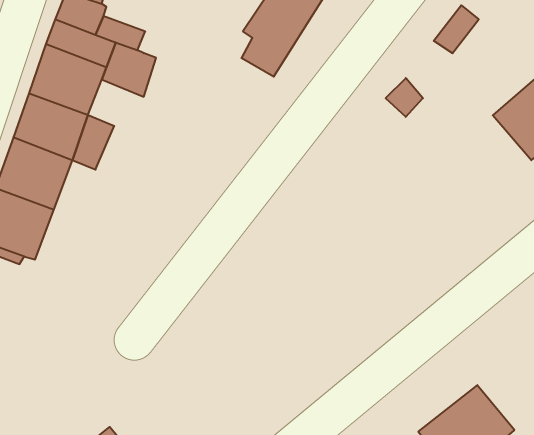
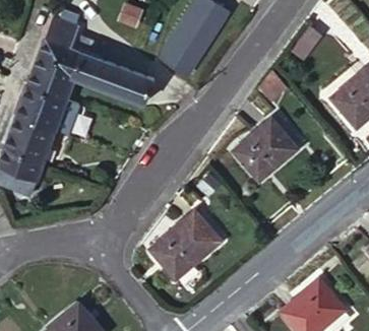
building: none -> [102,62,152,104]
building: none -> [234,119,296,180]
building: none -> [149,211,223,281]

